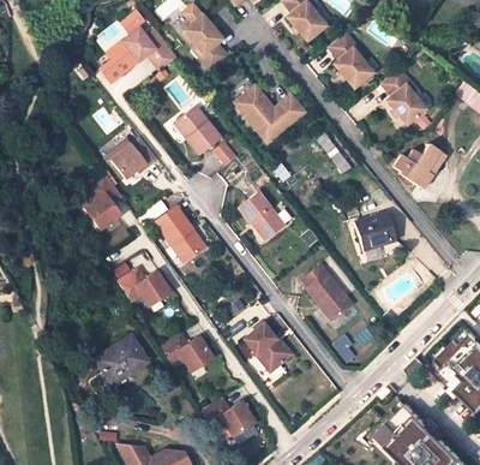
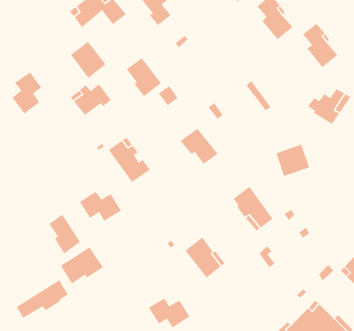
building: [233,87,302,144] -> none
building: none -> [70,41,107,79]
building: [84,177,121,228] -> [11,72,42,114]
building: none -> [48,214,81,254]
building: [158,332,212,369] -> none
building: none -> [16,279,69,319]

